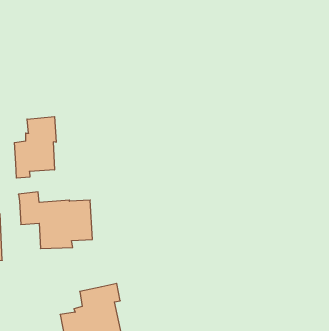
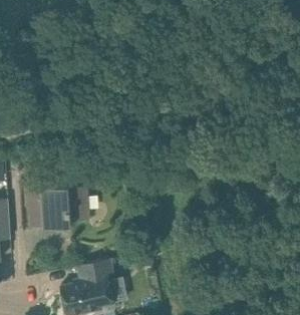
building: [14,117,56,178] -> none

